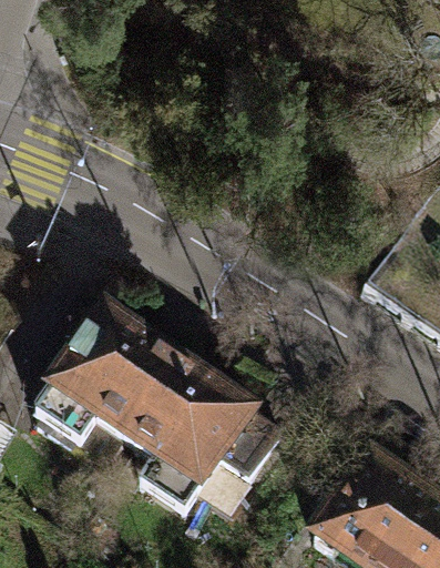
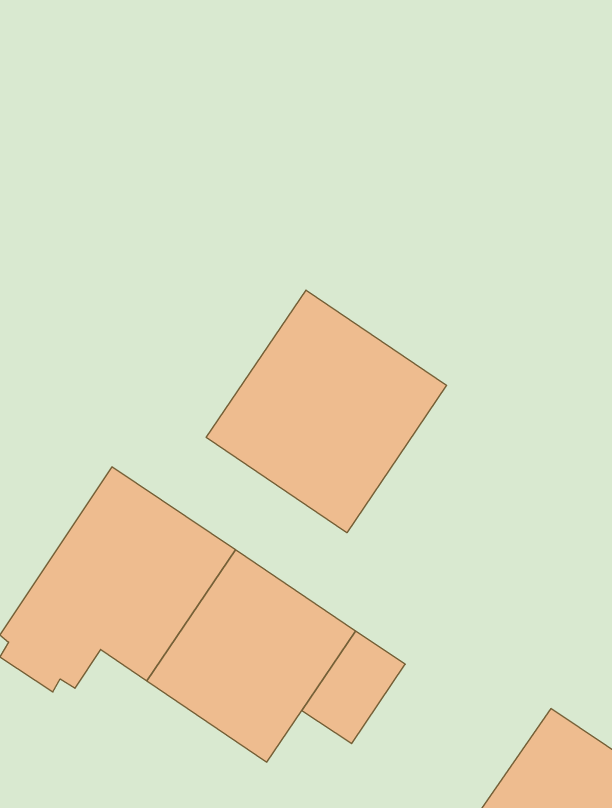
building: none -> [206,290,447,533]

